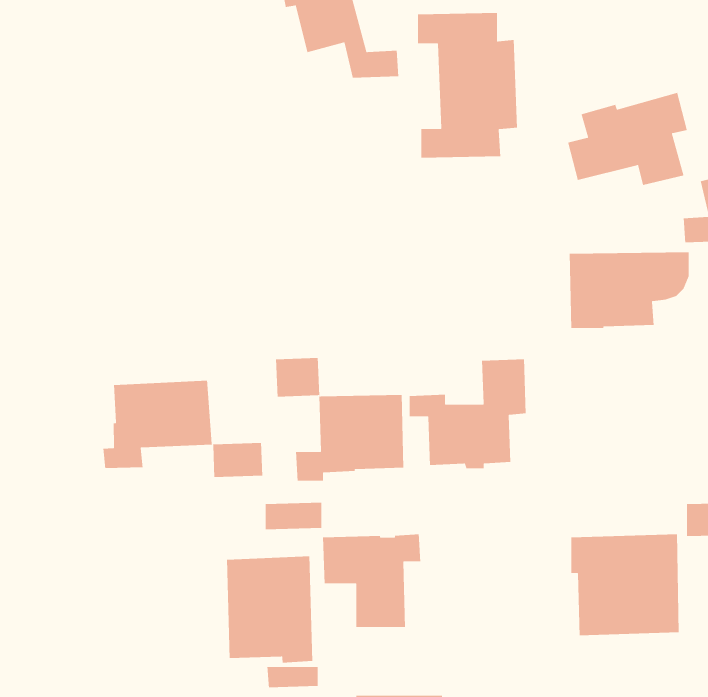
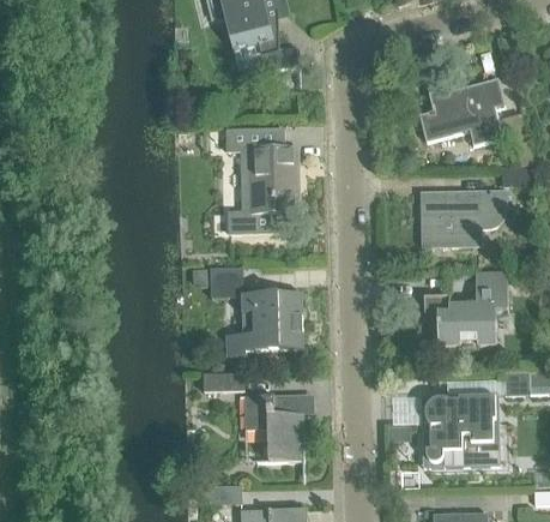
building: [417,12,518,158] -> [225,127,297,232]
building: [409,358,526,469] -> [423,269,507,348]
building: [103,380,263,478] -> none
building: [226,555,313,664] -> none

